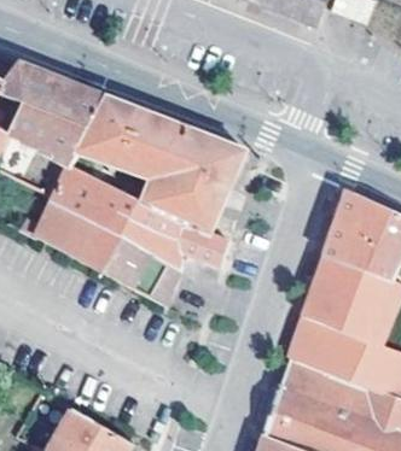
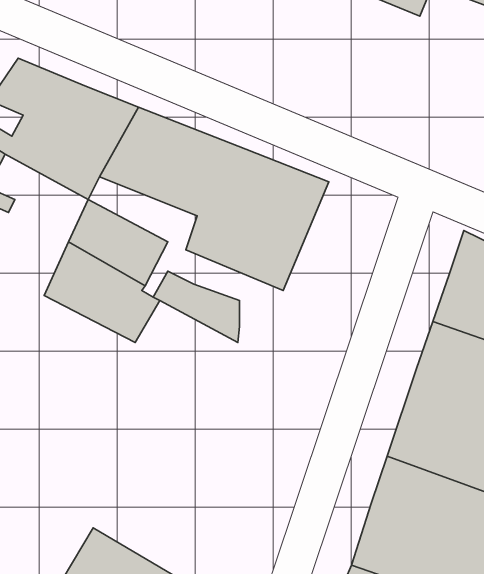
building: [107,195,229,266] -> none
building: [103,239,179,304] -> none

